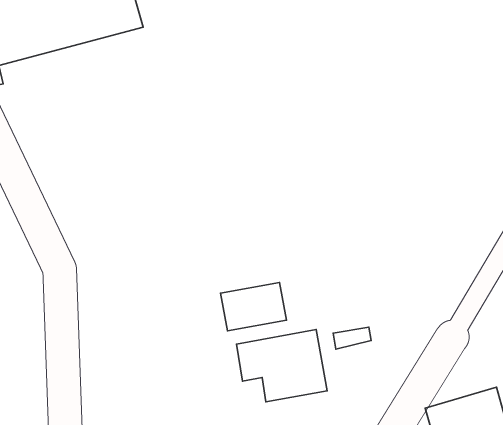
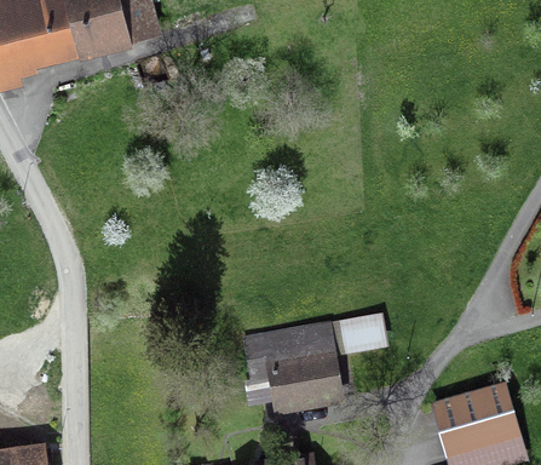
building: [220,283,287,331] -> none

